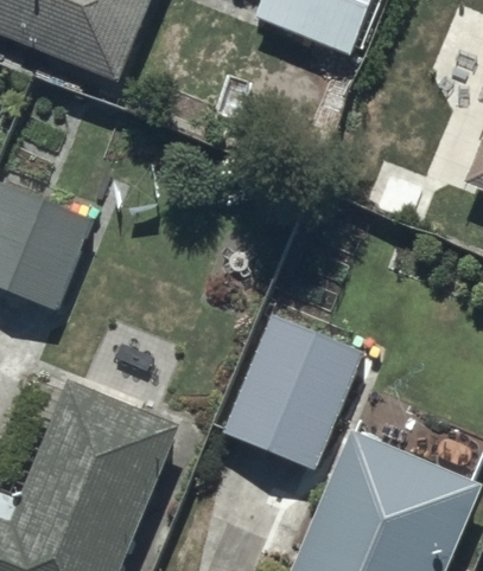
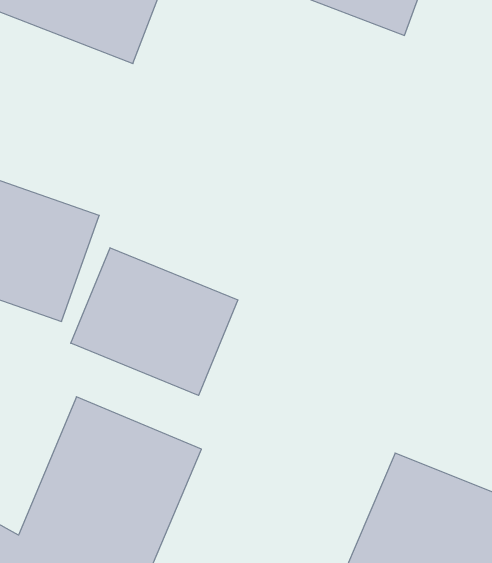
building: none -> [71,248,238,395]
building: [222,313,360,466] -> none

